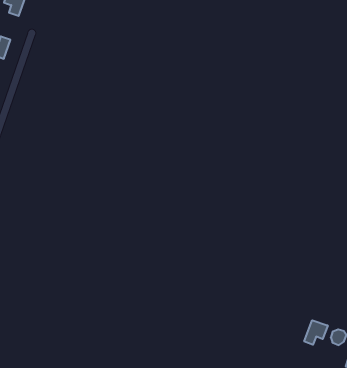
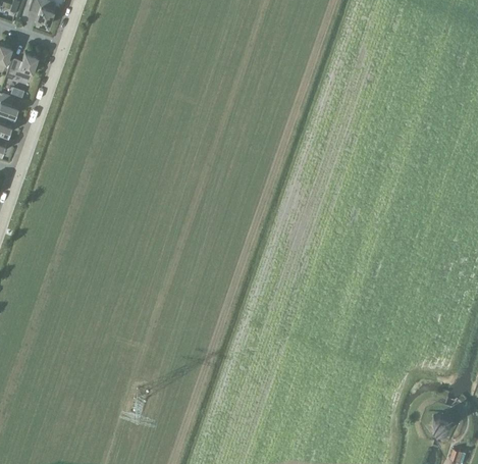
building: [304,320,328,345] -> none

